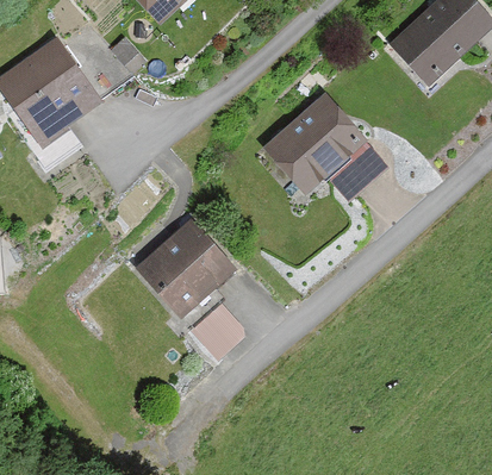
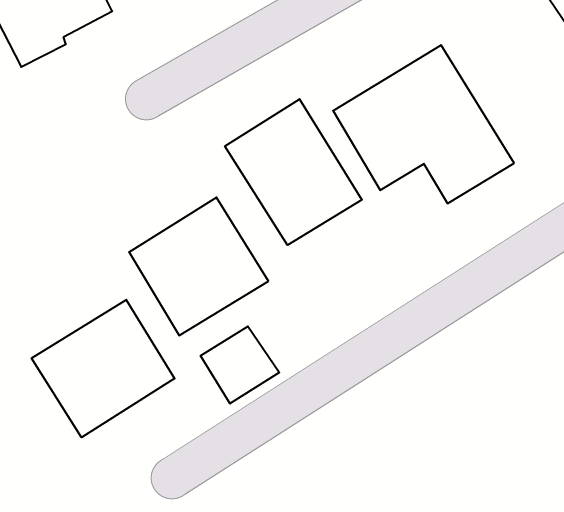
building: none -> [225,99,362,245]
building: none -> [32,300,175,437]

